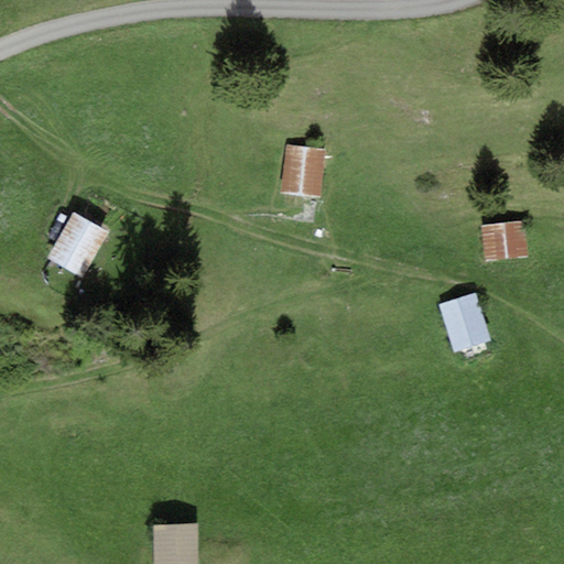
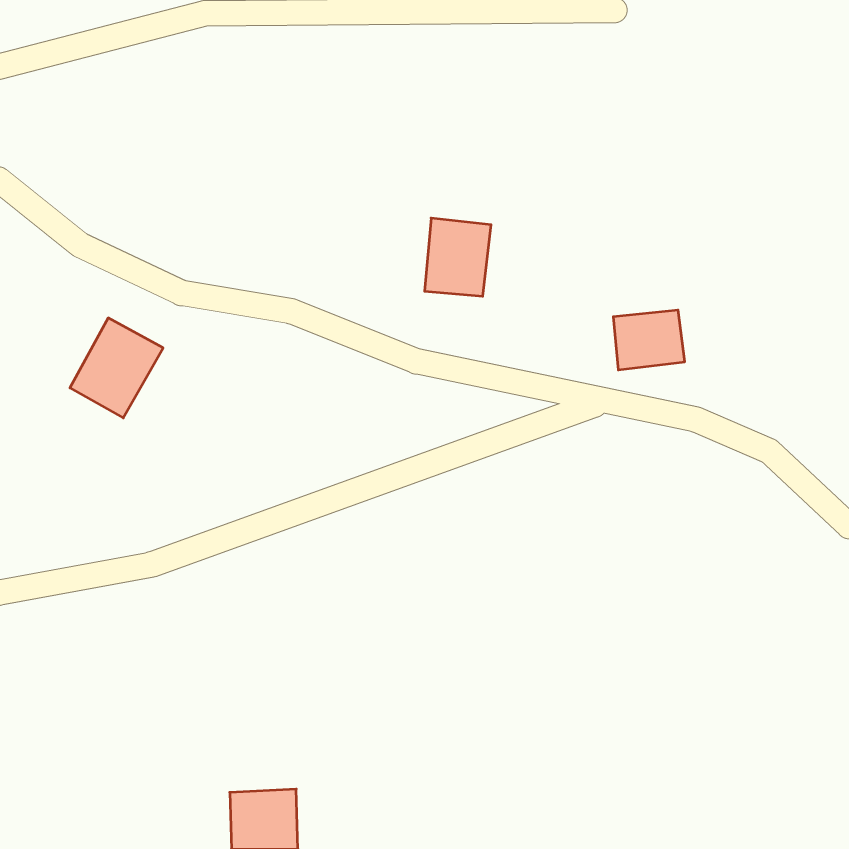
building: [480,220,528,260] -> [613,310,685,370]
building: [438,293,489,351] -> none

